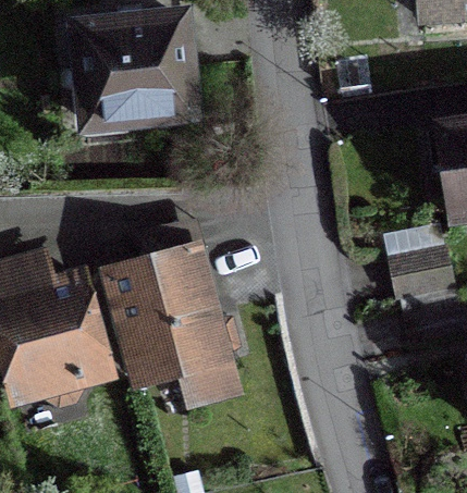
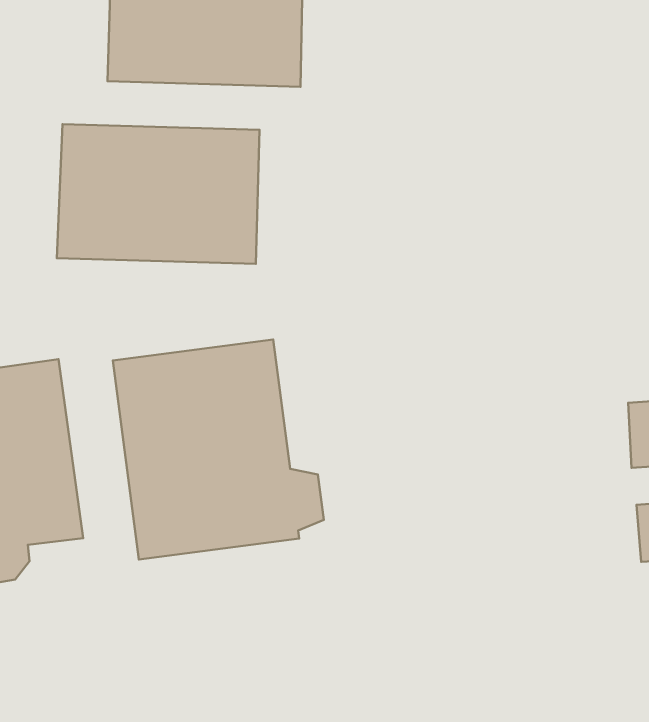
building: none -> [57,124,259,264]

